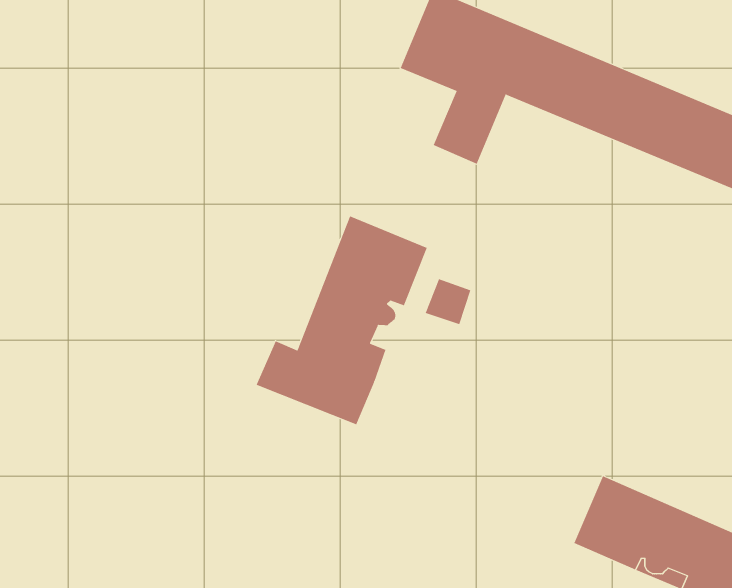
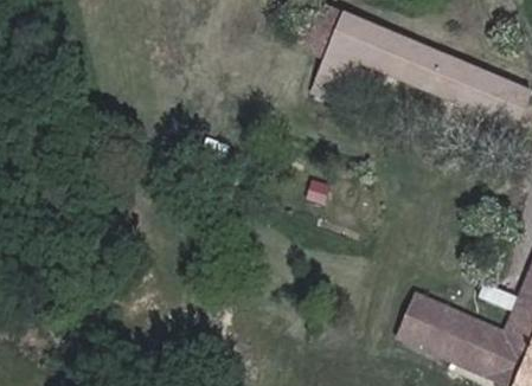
building: [256,216,427,425] -> none

